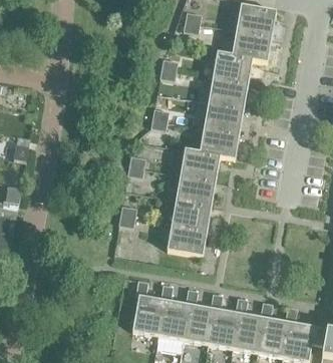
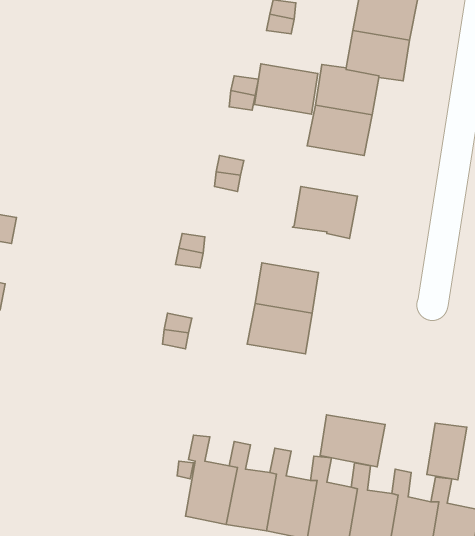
building: [204,101,243,132] -> [254,64,318,114]
building: [180,147,220,179] -> none
building: [166,224,207,256] -> [320,415,385,467]
building: none -> [427,423,467,480]

